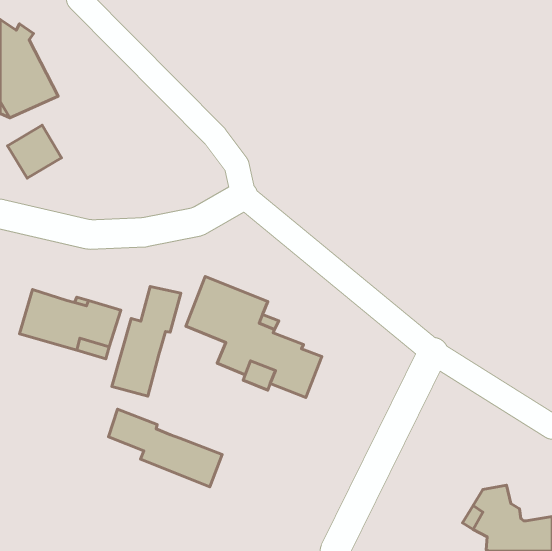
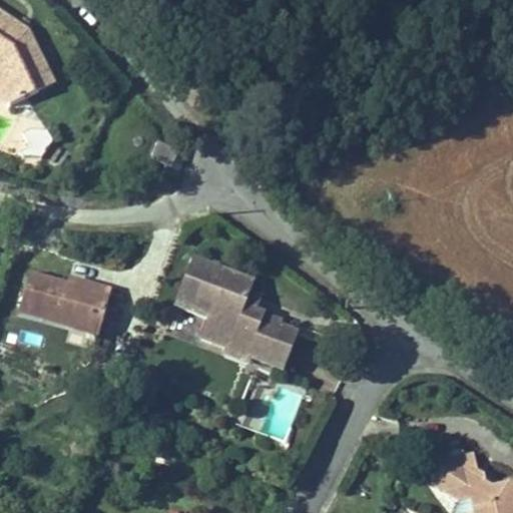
building: [112,286,181,396] -> none
building: [108,409,222,487] -> none

